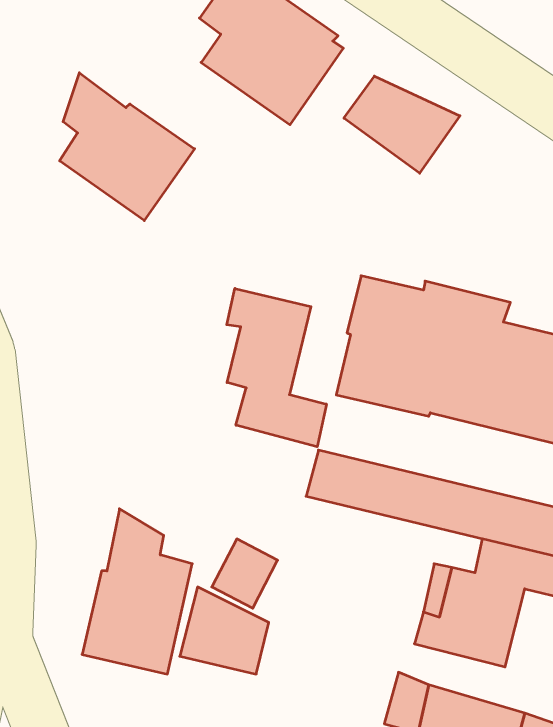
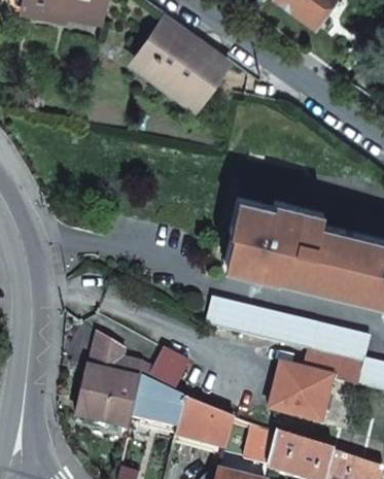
building: [60,73,195,221] -> none
building: [344,76,460,173] -> none
building: [227,288,326,447] -> none
building: none -> [176,399,233,447]

